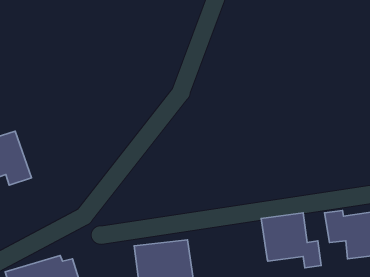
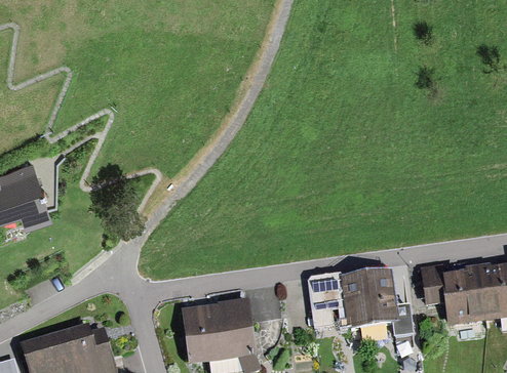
building: none -> [308,272,347,329]

